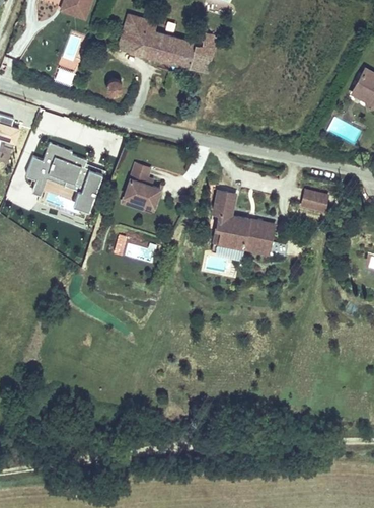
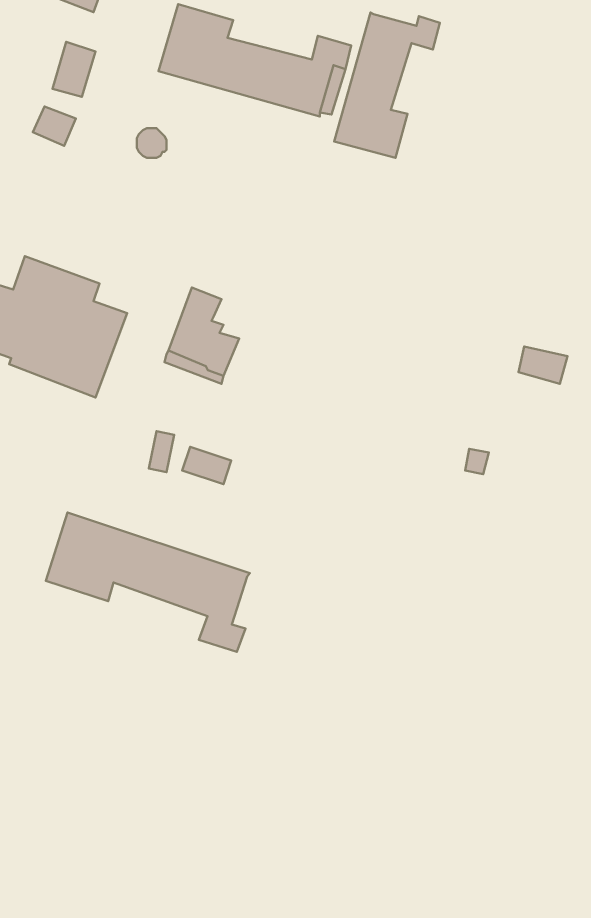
building: none -> [334,13,440,158]
building: [213,190,276,257] -> none
building: none -> [46,512,250,652]

